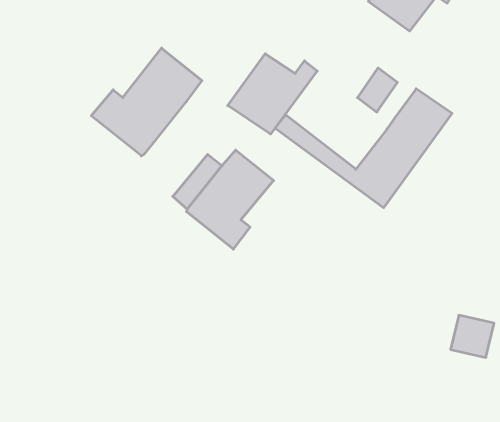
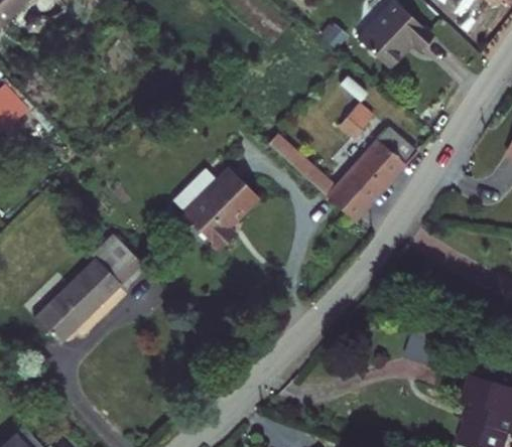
building: [91,48,202,156] -> none
building: [228,54,317,134] -> none
building: none -> [33,234,139,342]

